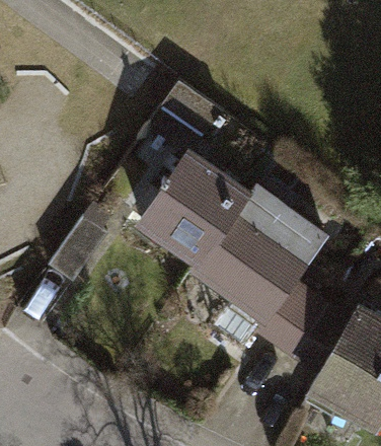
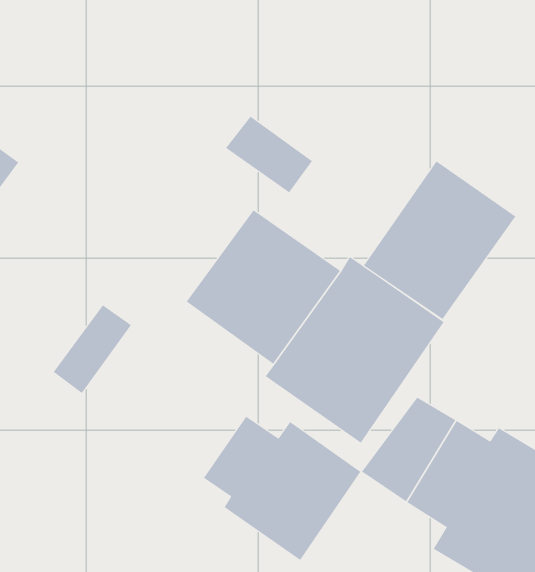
building: none -> [363,161,516,320]
building: none -> [203,416,361,561]

